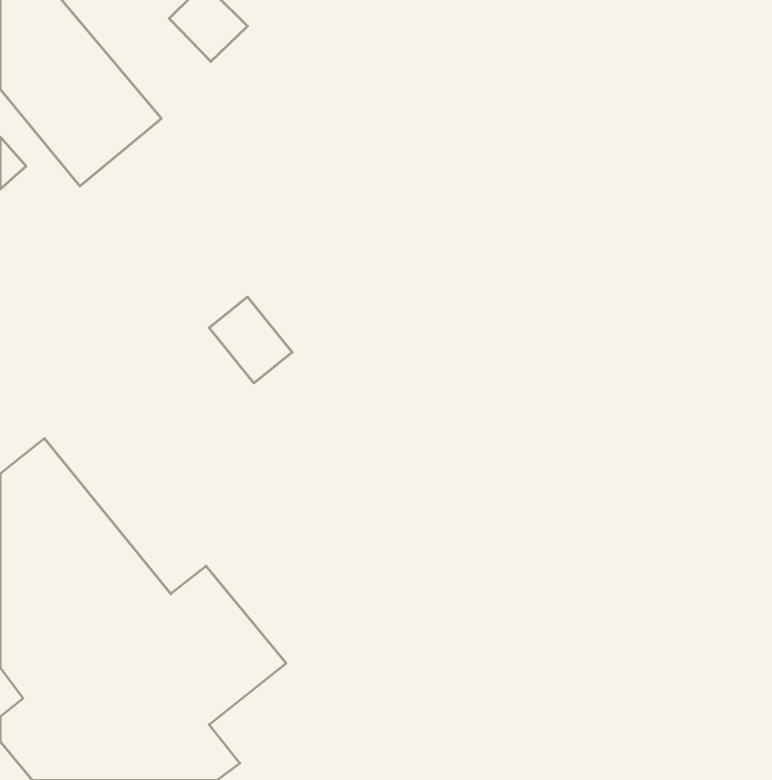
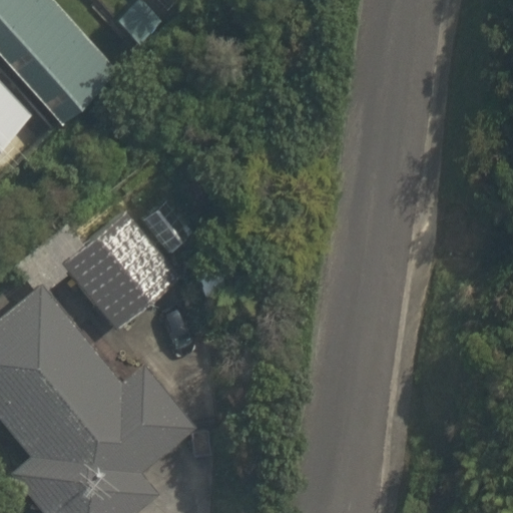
building: none -> [57,208,182,335]

